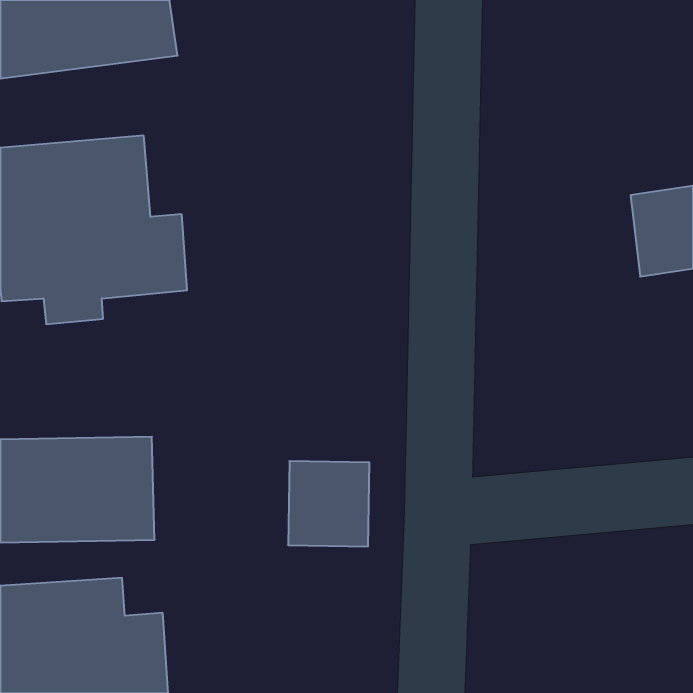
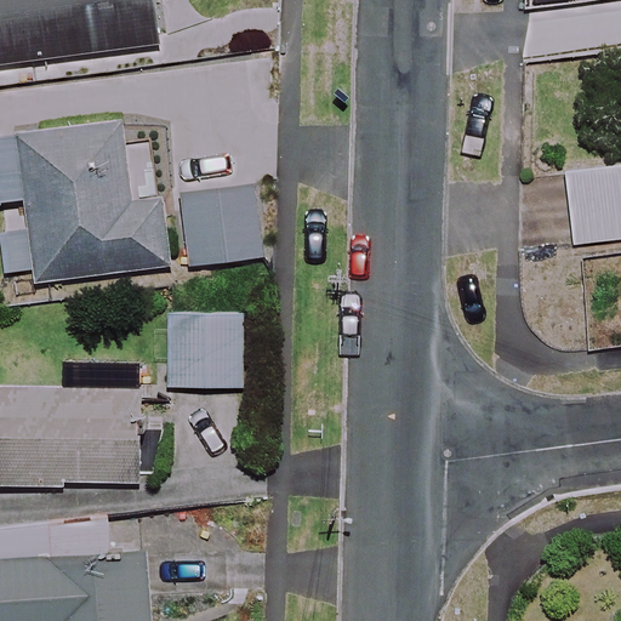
building: none -> [182,190,263,262]
building: [288,461,369,546] -> [169,312,241,388]

